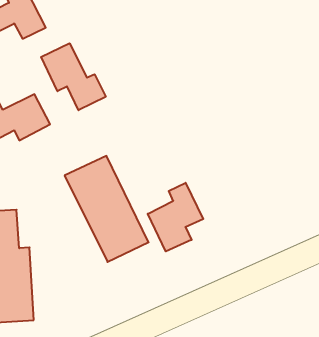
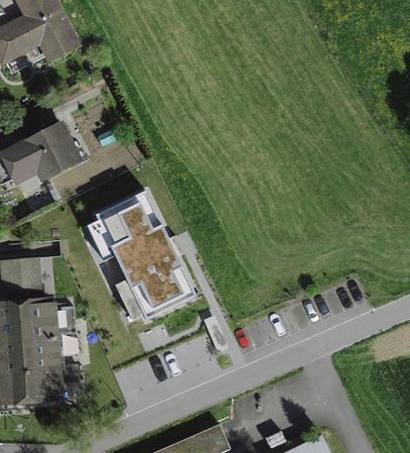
building: [41,43,106,110] -> none
building: [148,183,203,251] -> none

